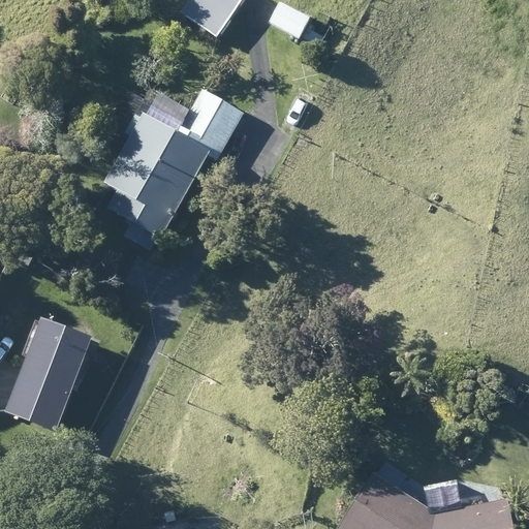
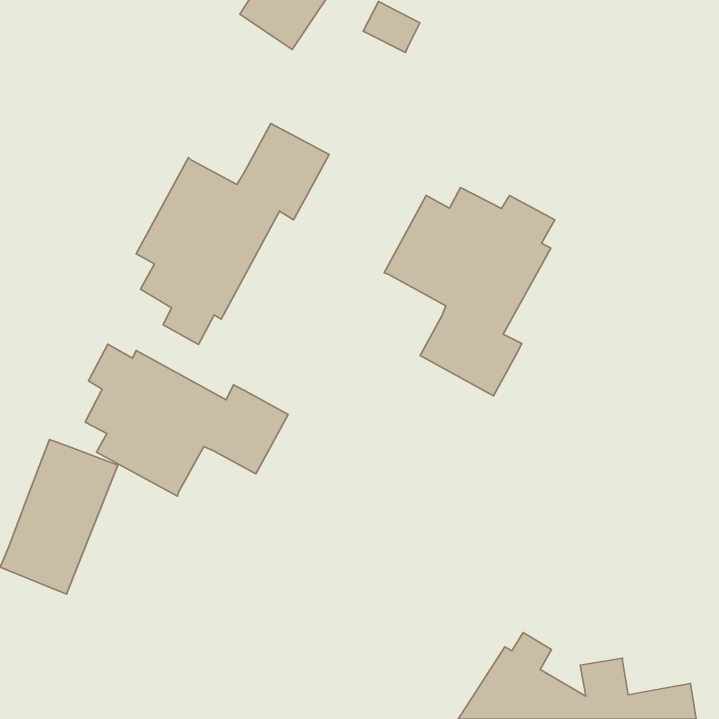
building: none -> [384,188,555,396]
building: none -> [85,344,288,496]

